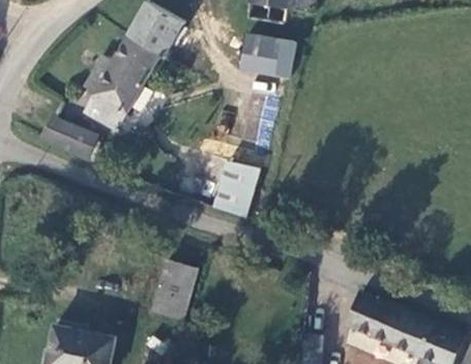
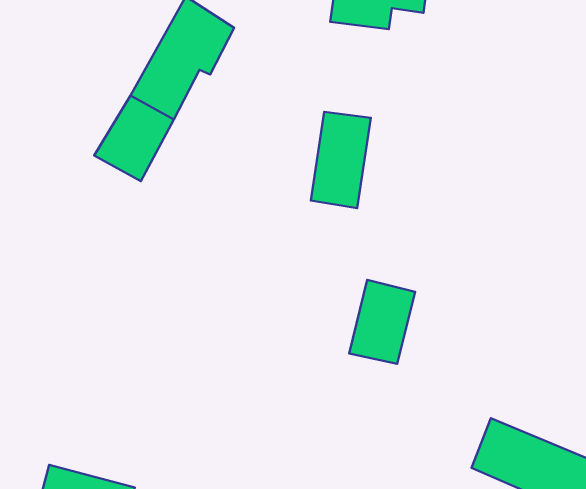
building: [236,34,294,79] -> none
building: [50,109,105,154] -> none
building: [213,156,259,214] -> [349,280,415,364]
building: [150,261,197,318] -> none

